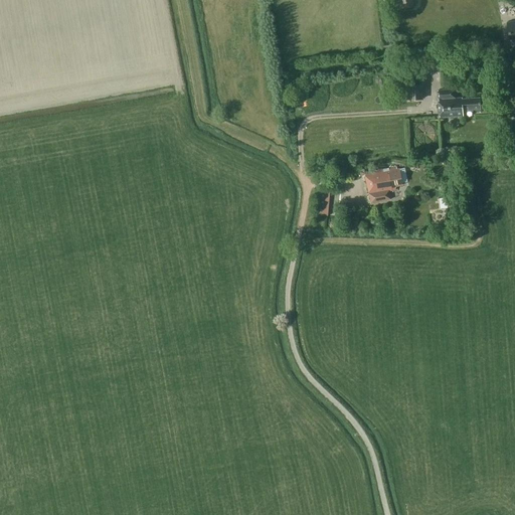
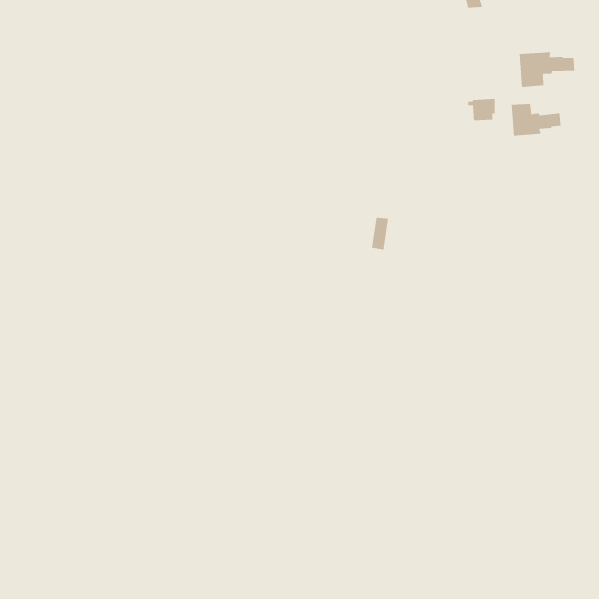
building: none -> [519,52,575,88]
building: [365,165,404,202] -> none

